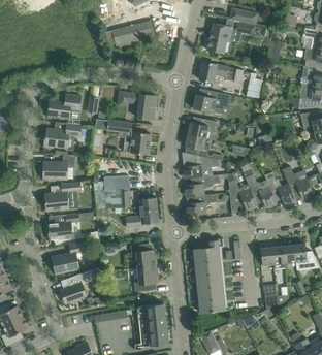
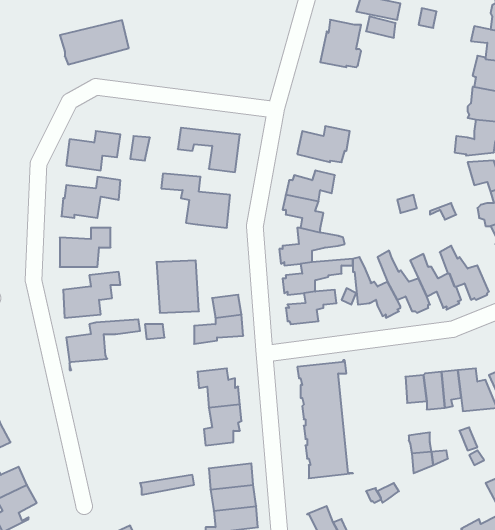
building: [111,20,155,47] -> [60,20,129,64]
building: [199,61,252,83] -> none
building: [52,240,87,278] -> none
building: [61,265,102,303] -> none

